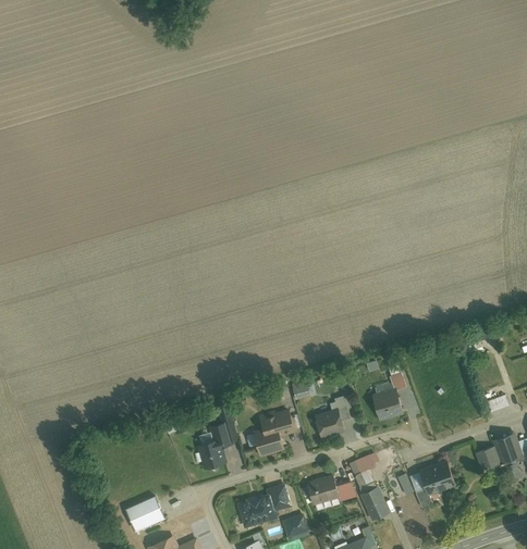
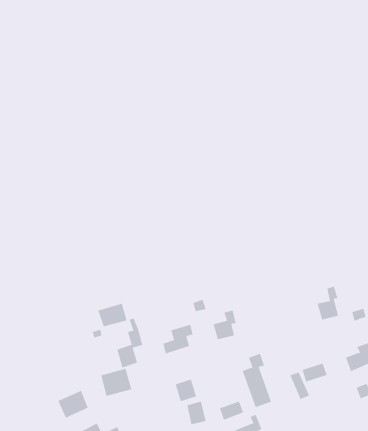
building: [373,377,401,420] -> [317,286,339,320]
building: none -> [98,303,127,327]
building: [307,477,338,501] -> [219,401,244,420]
building: [238,495,278,529] -> [100,368,132,396]

